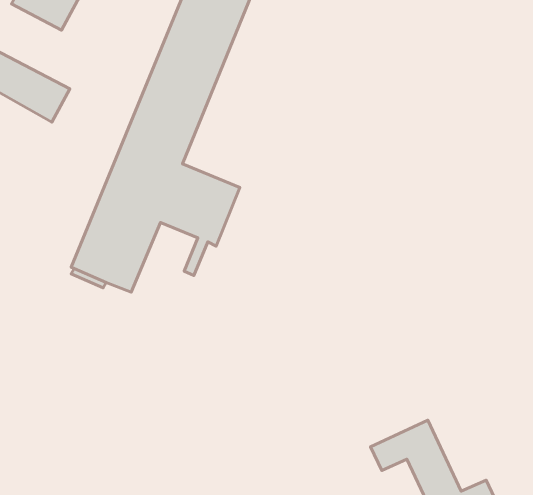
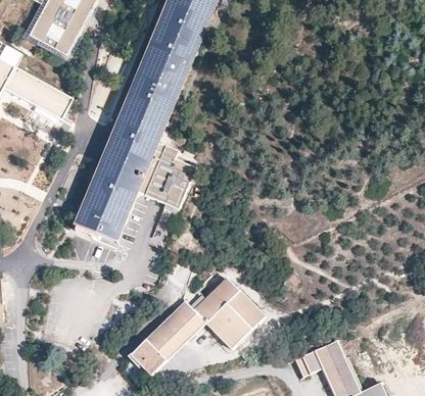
building: none -> [129,277,264,374]

